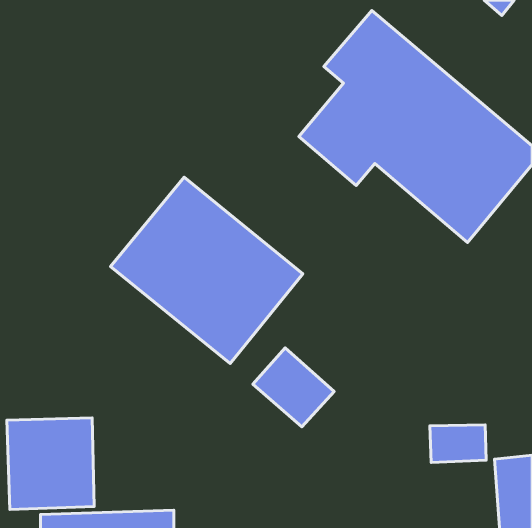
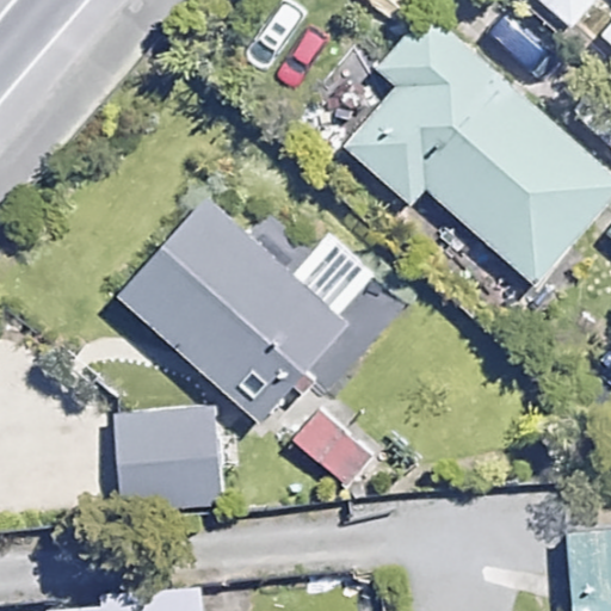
building: [7,418,94,510] -> [119,403,220,508]

